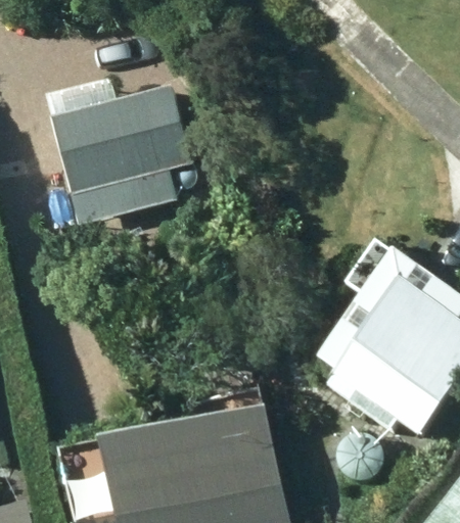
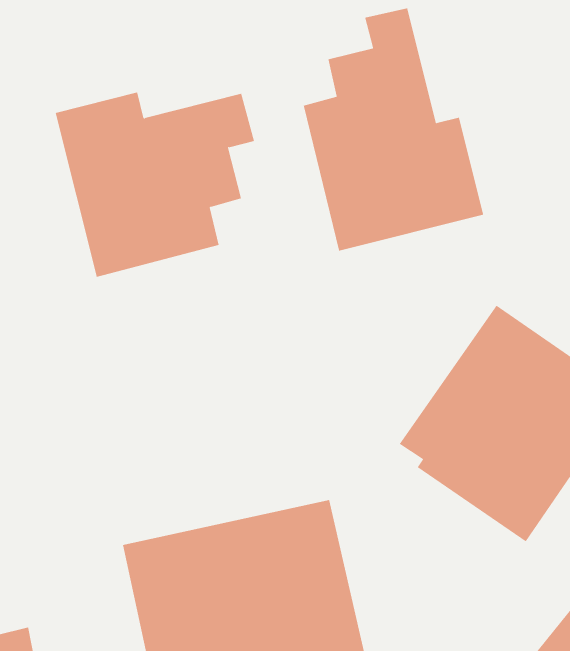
building: none -> [303,7,484,252]

